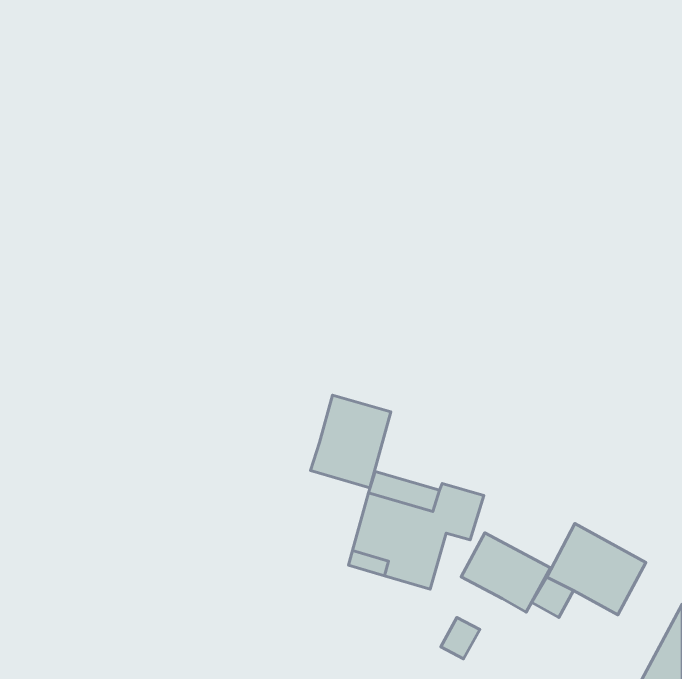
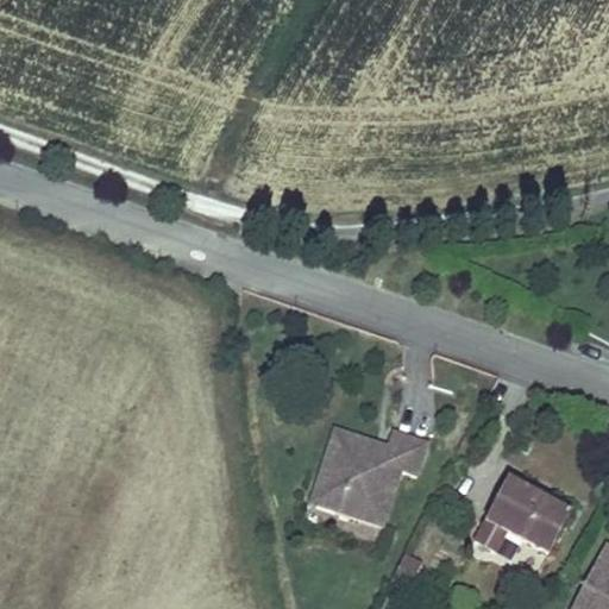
building: [311,395,391,488] -> none
building: [461,533,551,612] -> none

